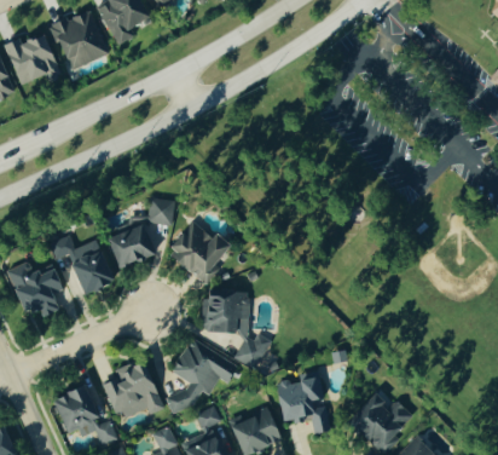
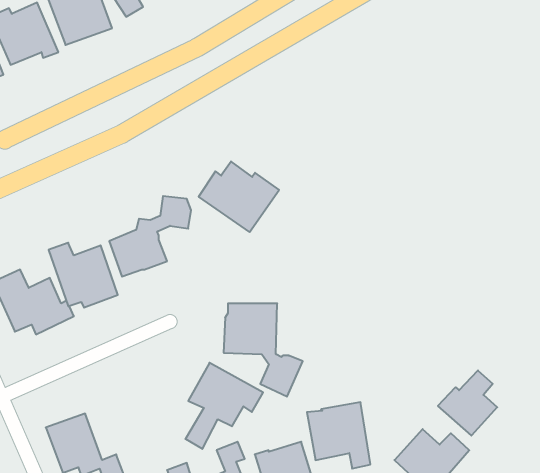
building: [166,224,234,284] -> [199,161,279,232]
building: none -> [438,370,497,436]
building: [103,359,164,421] -> none

